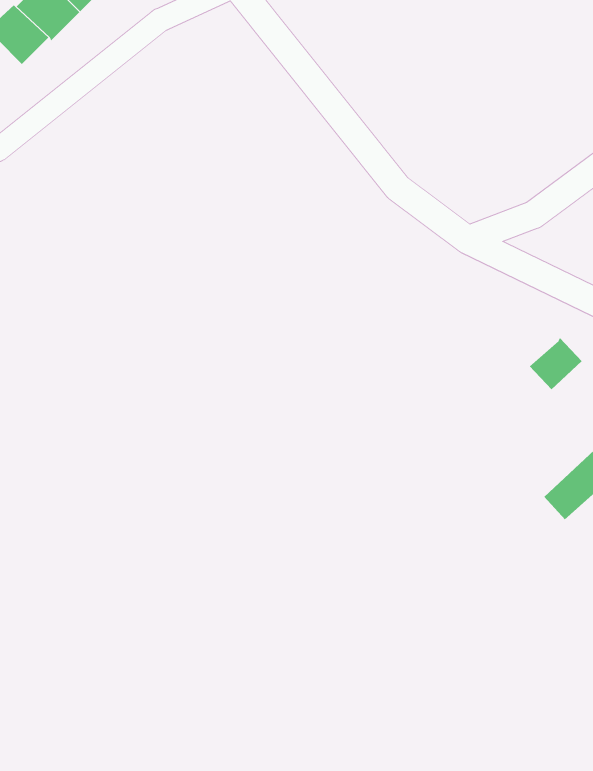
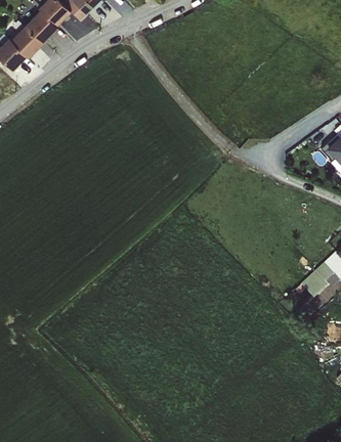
building: [529,337,582,390] -> none

